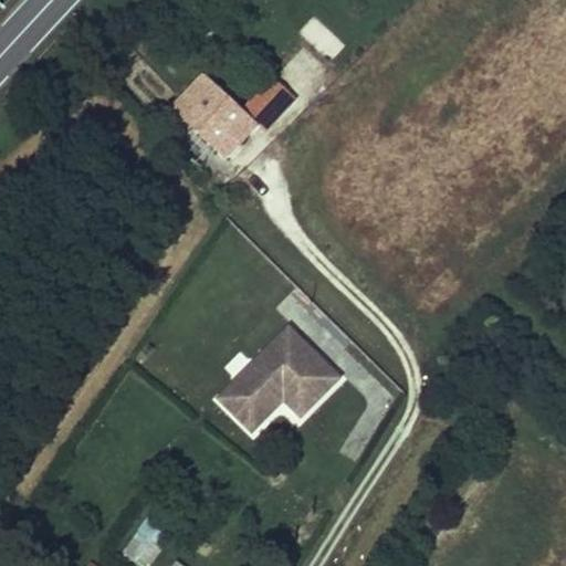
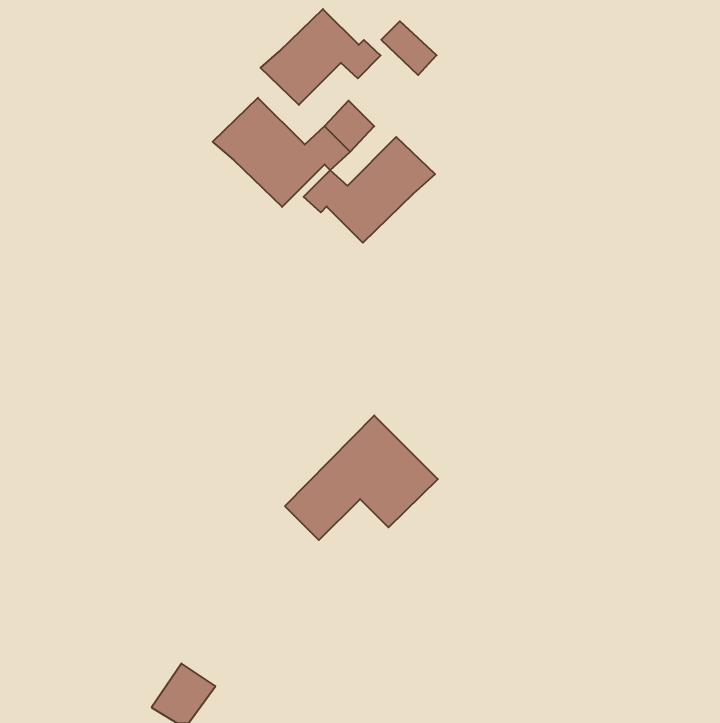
building: none -> [261,9,381,105]
building: none -> [304,137,435,243]

